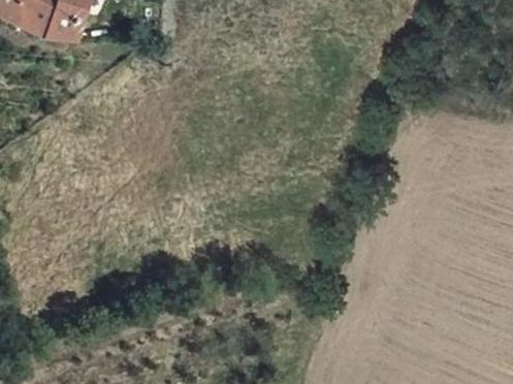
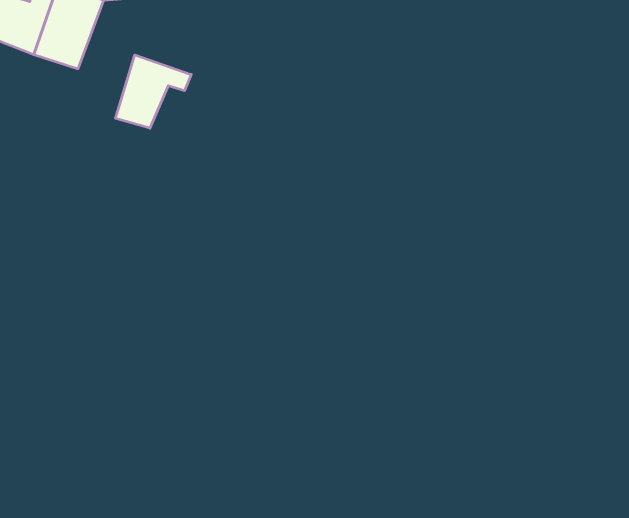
building: none -> [116,55,191,128]

